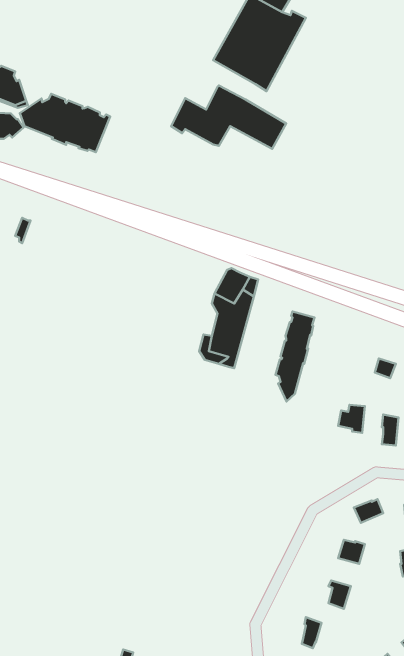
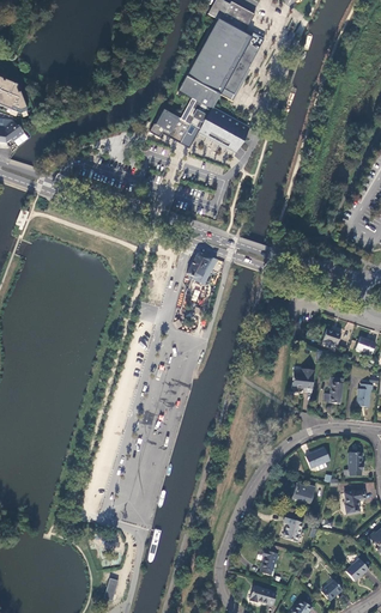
building: none -> [176,74,220,108]
building: [20,94,110,152] -> none
building: [276,311,314,401] -> none

